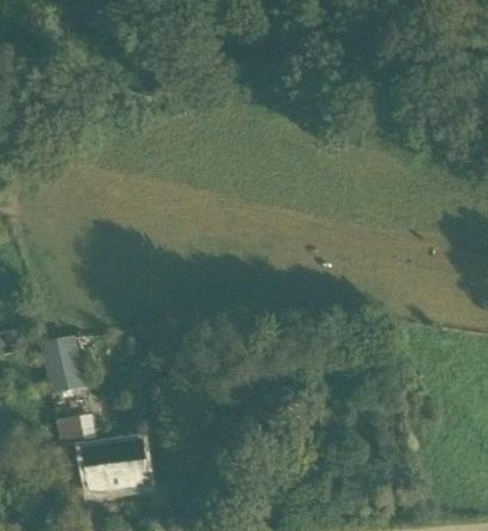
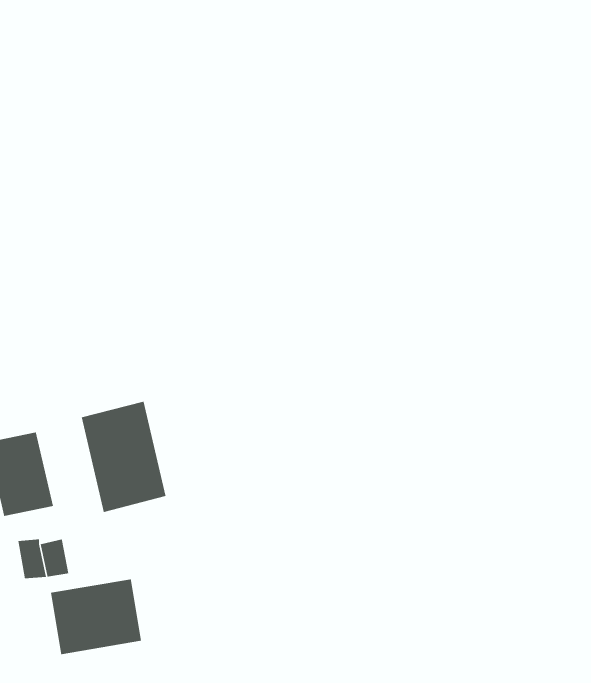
building: none -> [81,401,166,513]

